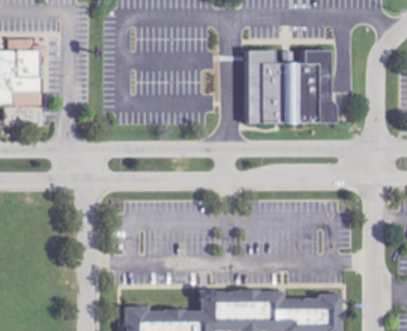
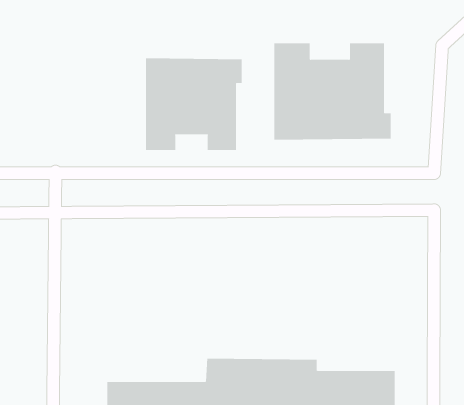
building: none -> [145,57,242,151]

